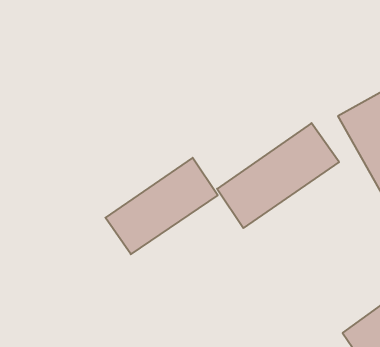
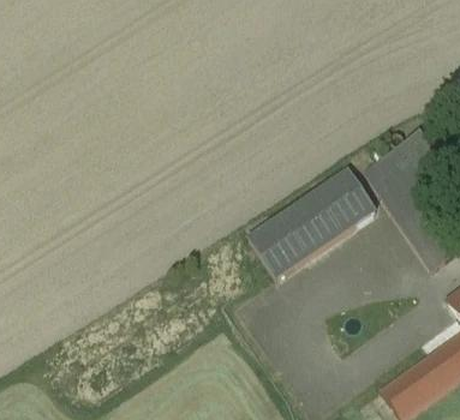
building: [105,158,218,254] -> none

